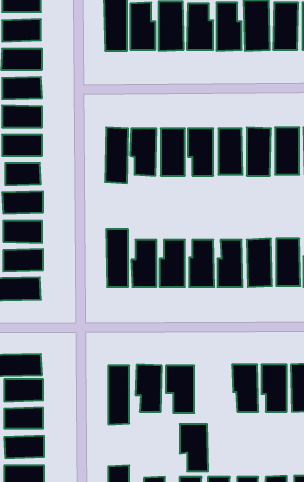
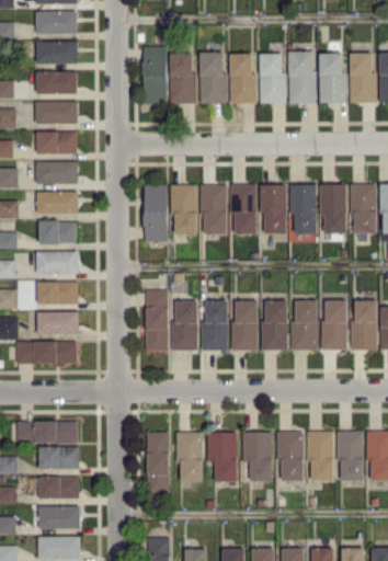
building: [180,424,208,471] -> [242,432,272,481]

